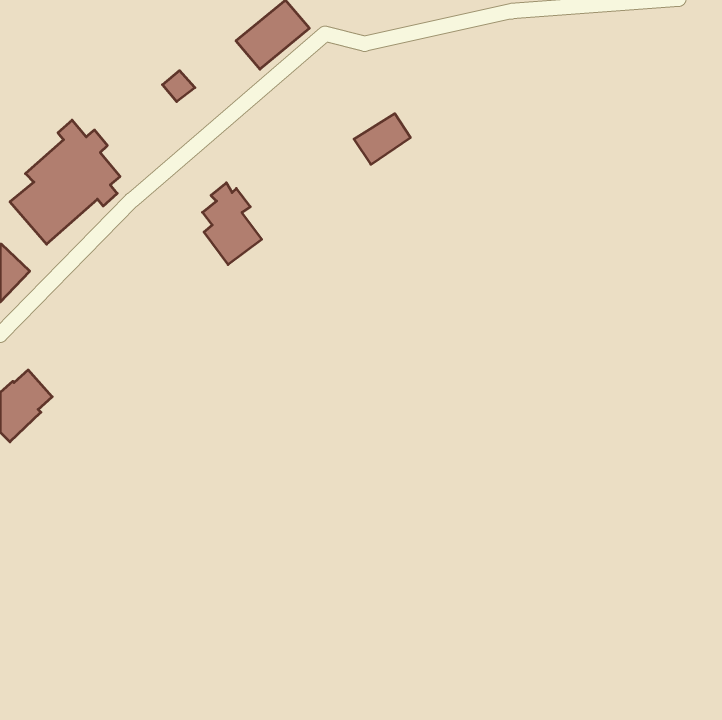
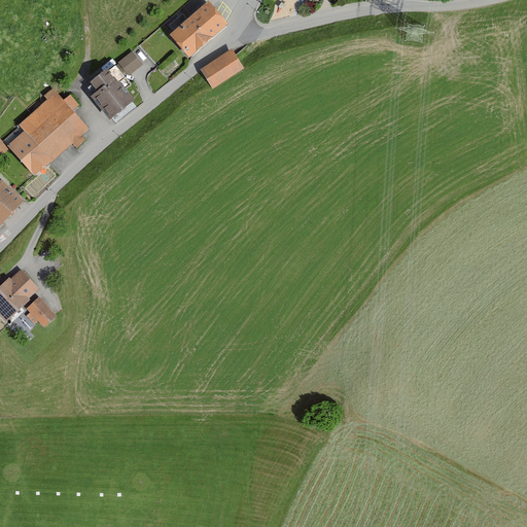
building: [354,114,410,164] -> [202,48,243,85]
building: [202,183,262,265] -> [92,61,135,120]
building: none -> [25,297,57,327]

